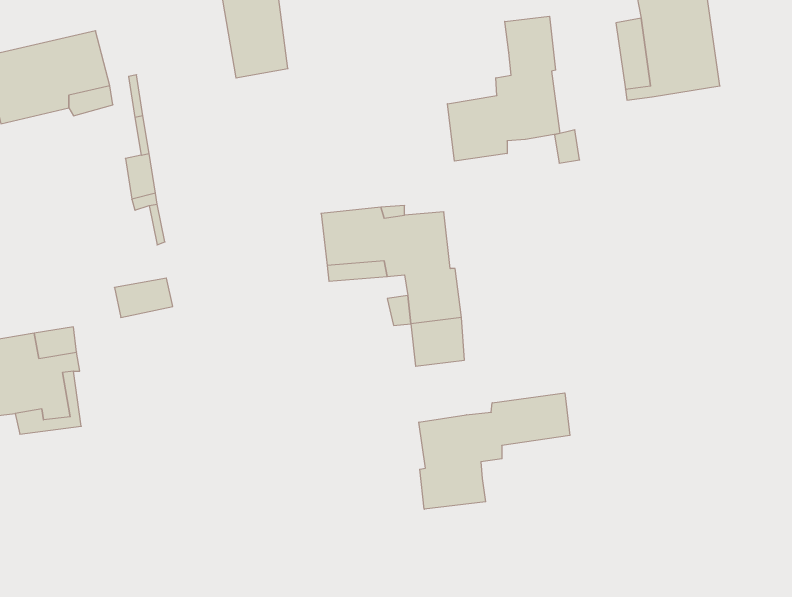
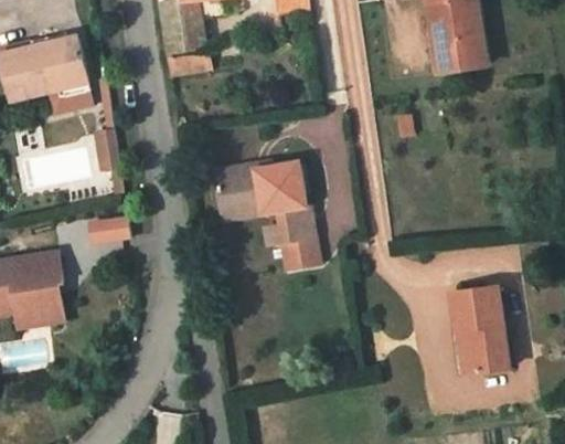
building: [447,16,560,161] -> none
building: none -> [455,290,510,376]
building: [419,393,570,509] -> none

